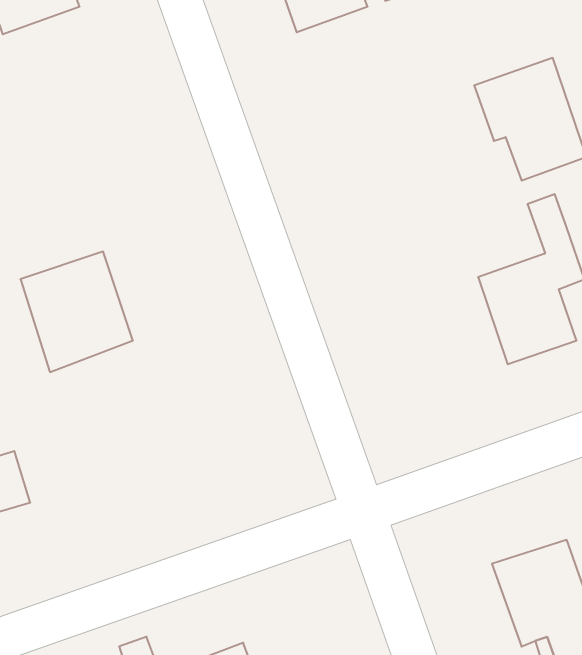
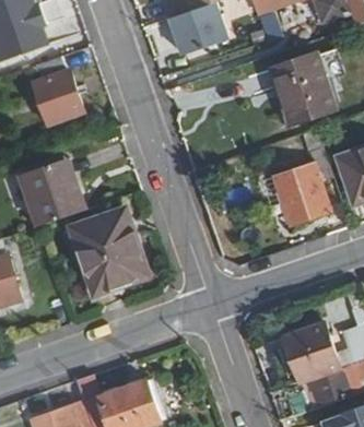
building: none -> [33,57,84,124]
building: none -> [71,210,143,290]

